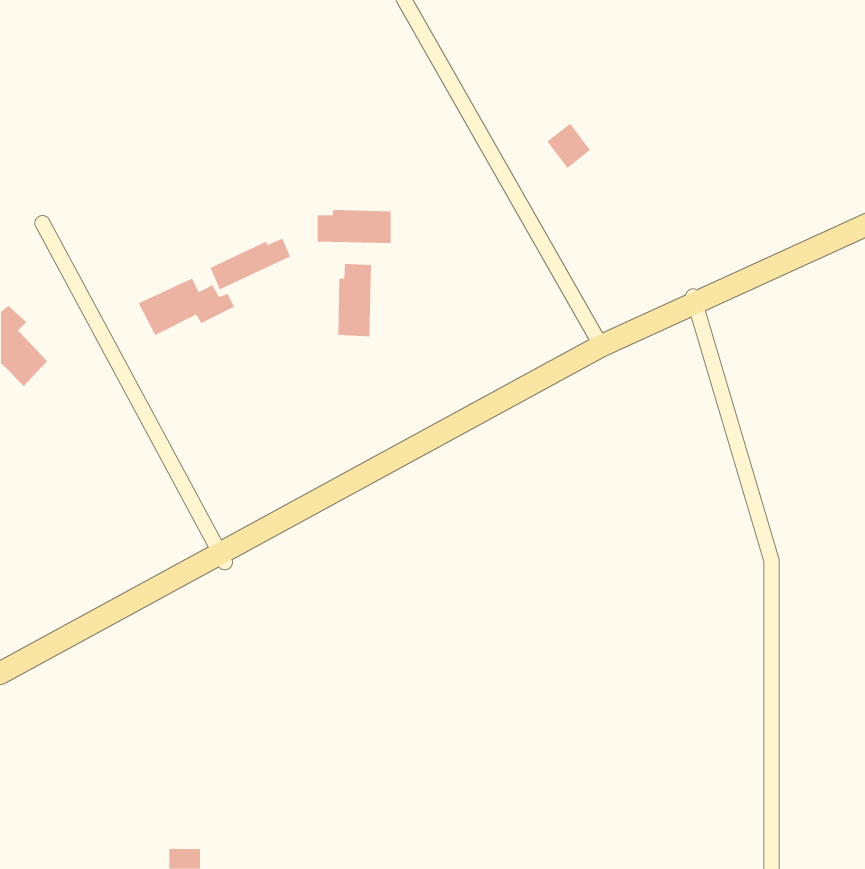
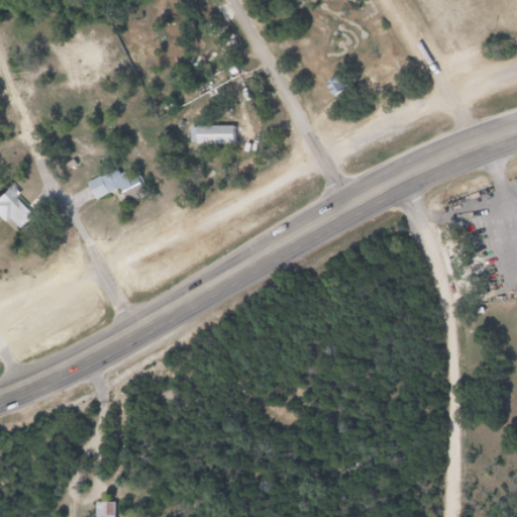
building: [210,238,291,290] -> none
building: [338,263,372,337] -> none

